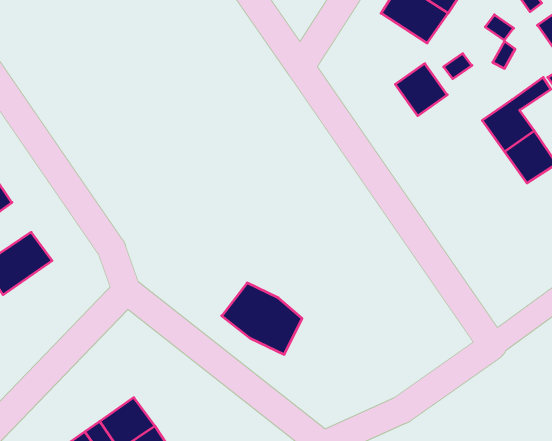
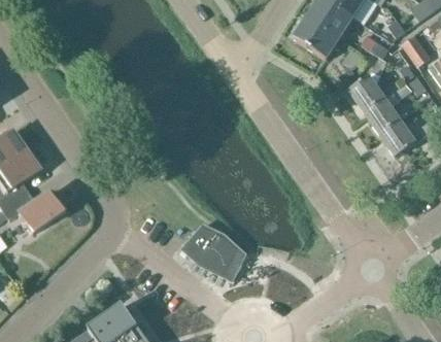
building: [395,64,447,116] -> [348,75,384,111]

